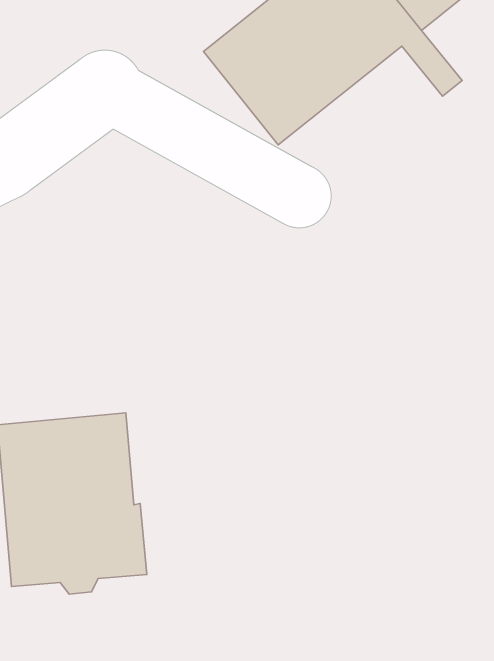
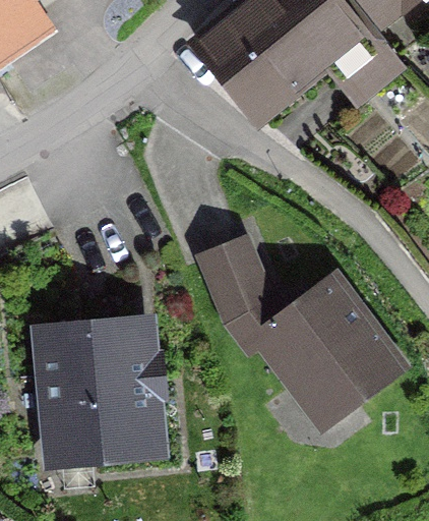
building: none -> [203,242,395,420]

